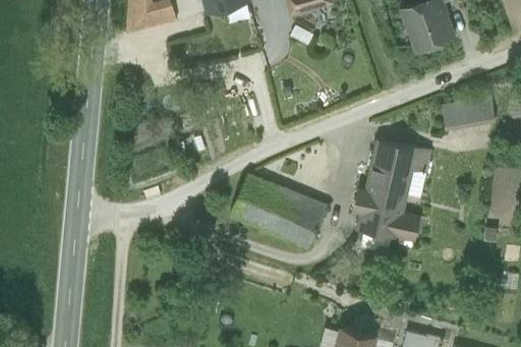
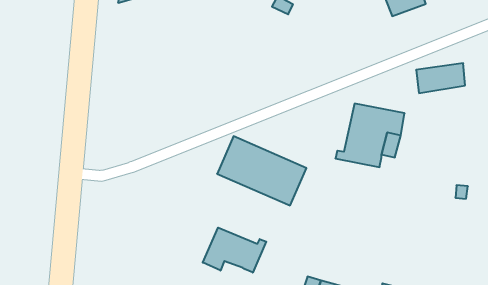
building: [355,198,419,239] -> none
building: none -> [203,228,266,273]

